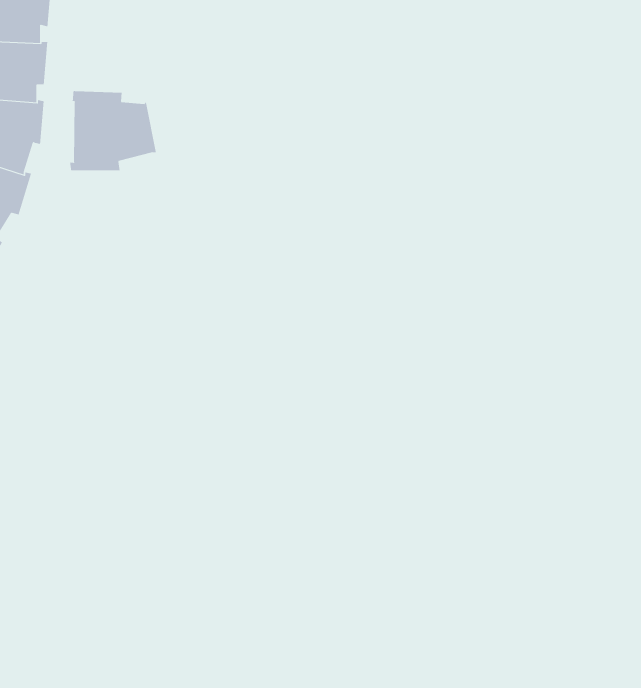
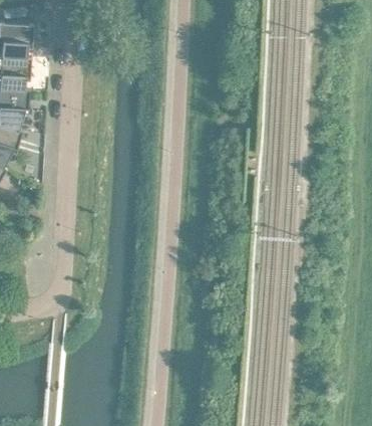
building: [69,90,157,171] -> none

